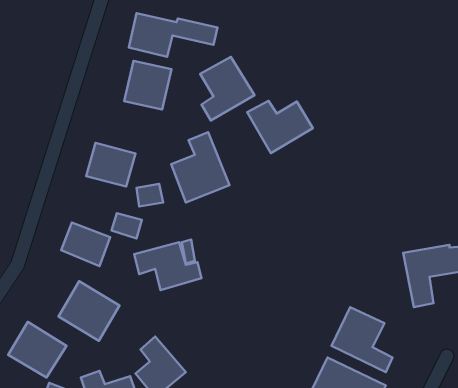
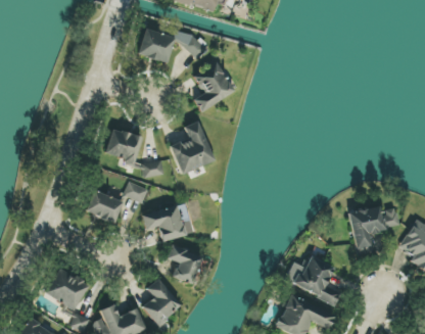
building: [124,61,172,109] -> none
building: [247,101,313,153] -> none
building: [59,281,120,341] -> none
building: none -> [166,245,202,284]

